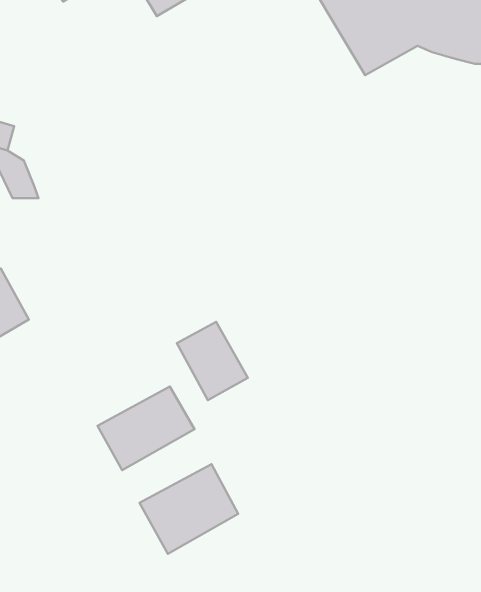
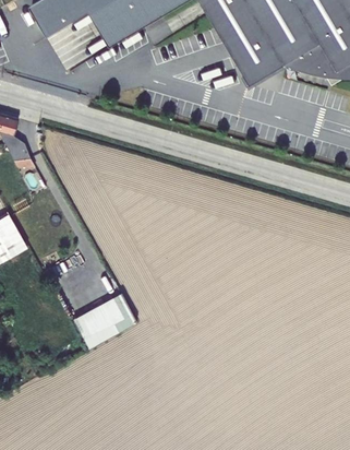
building: [177,322,248,400] -> none
building: [140,464,238,554] -> none

